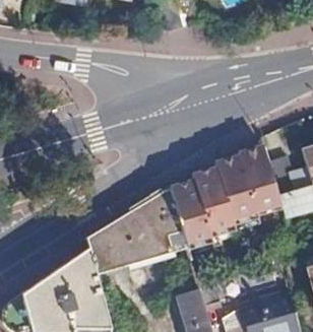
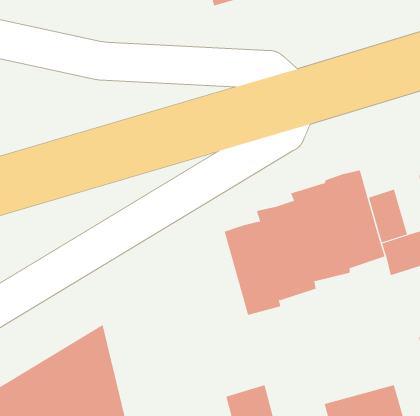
building: [89,186,189,276] -> none

